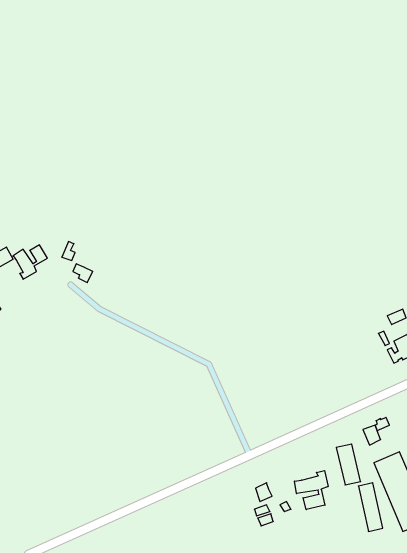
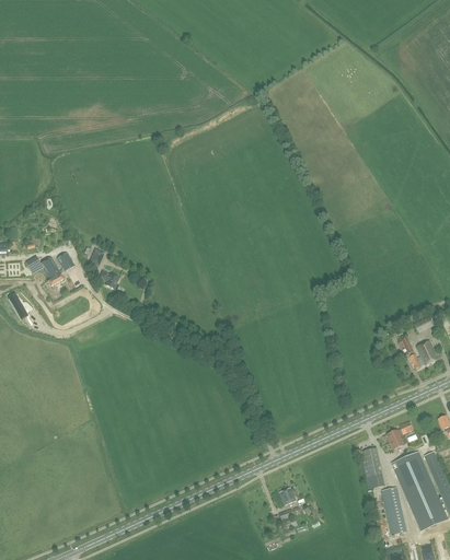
building: [295,471,328,510] -> none

